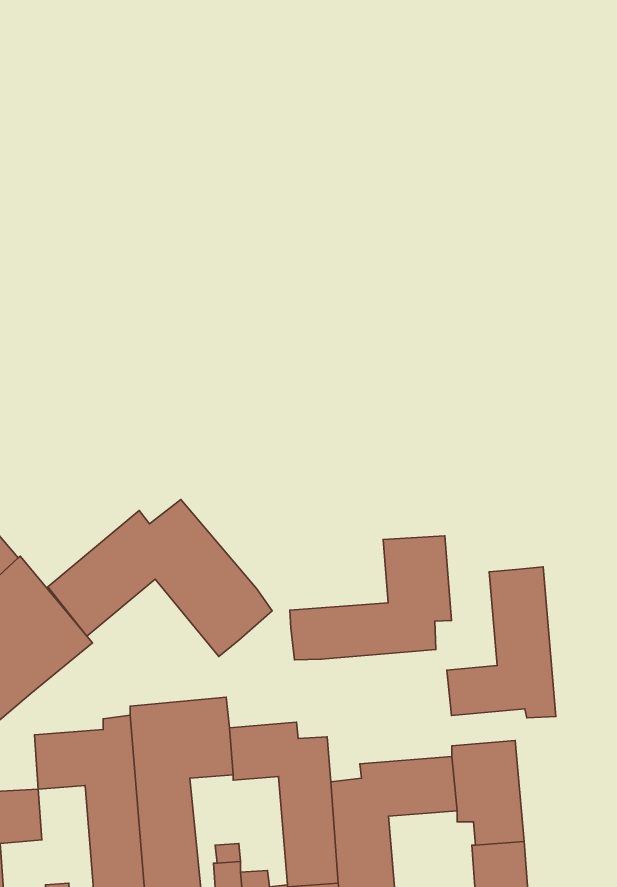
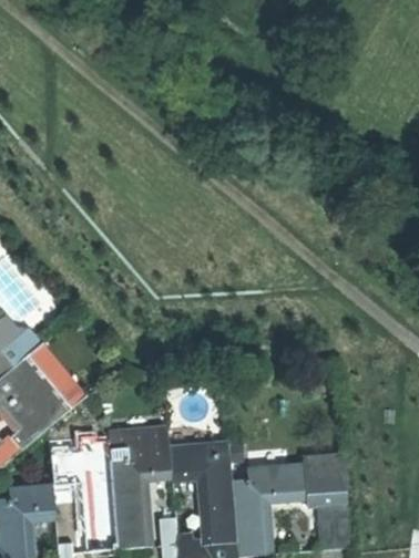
building: [48,499,272,656] -> none
building: [290,536,451,660] -> none
building: [447,567,556,718] -> none

